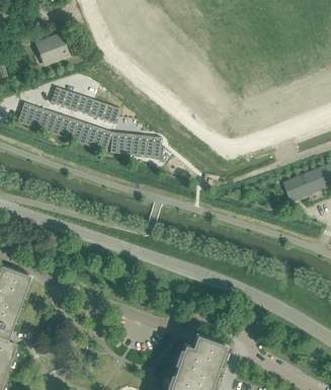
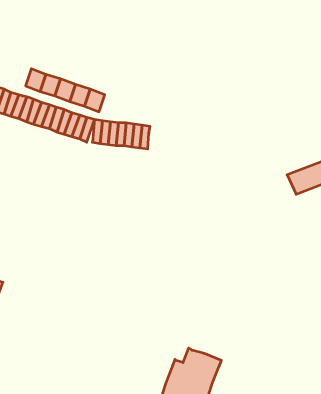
building: [36,34,68,65] -> none

